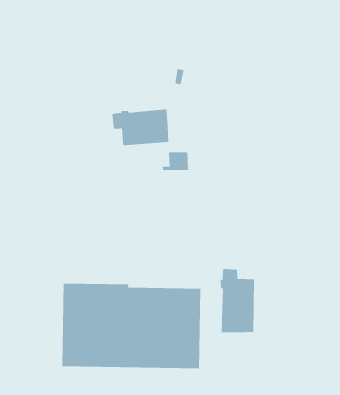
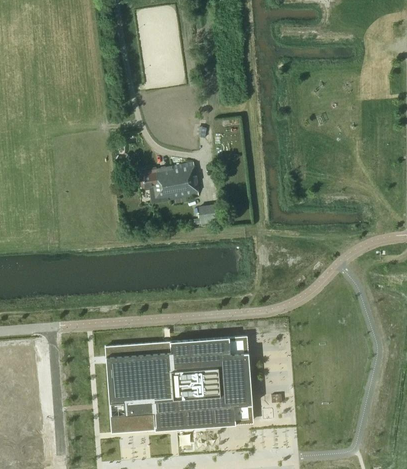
building: [220,268,255,333] -> none

